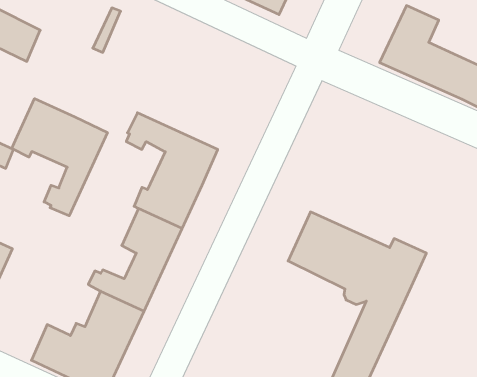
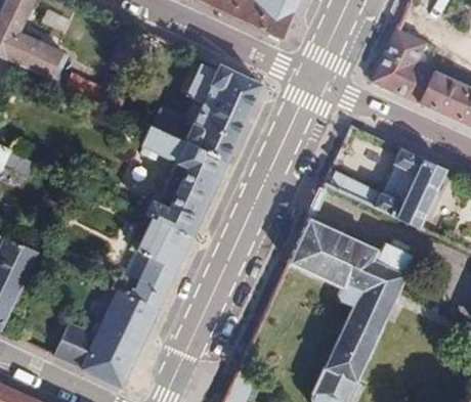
building: none -> [151,63,261,161]
building: [12,99,107,216] -> none
building: none -> [326,147,446,228]

